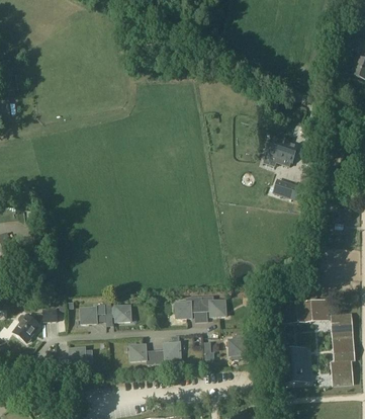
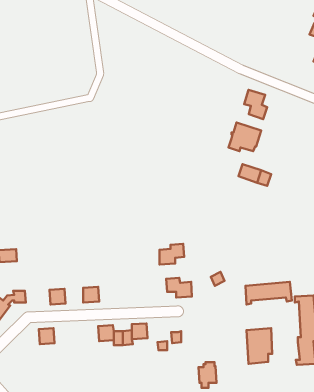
building: none -> [244,90,267,119]
building: [176,297,201,318] -> [159,244,184,265]
building: [229,333,247,359] -> [199,362,216,388]

